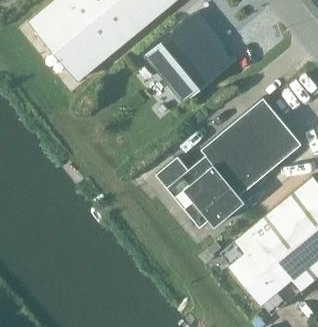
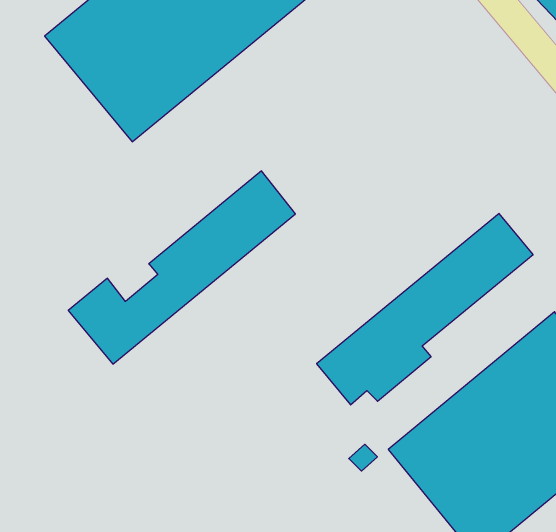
building: [146,15,234,103] -> none
building: [155,98,282,206] -> [68,171,295,364]

